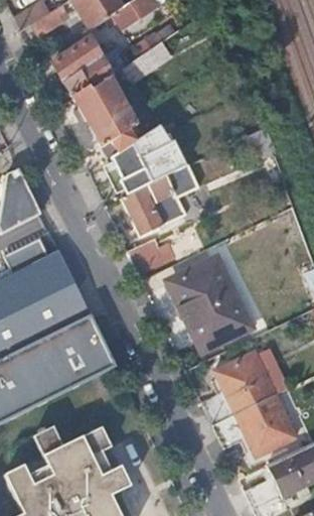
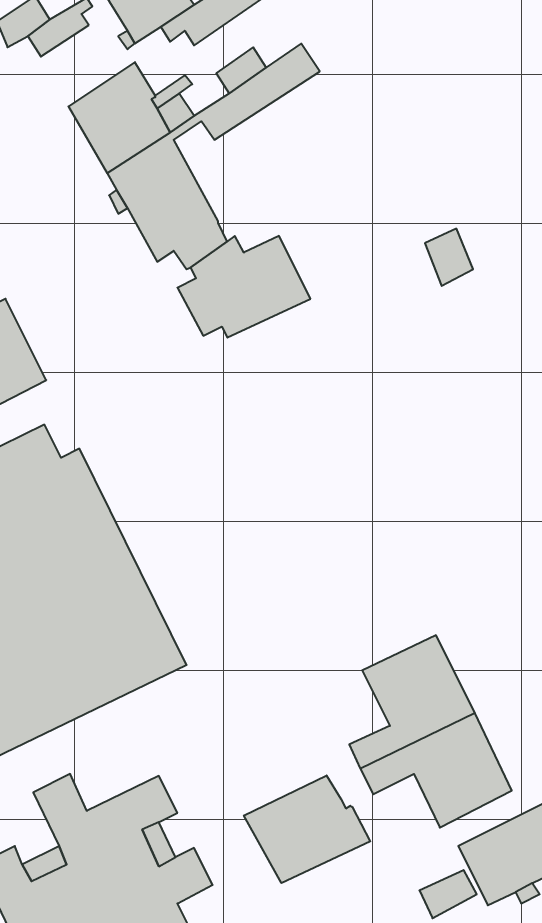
building: [122,159,210,236] -> none
building: [128,235,167,271] -> none
building: [171,260,249,347] -> none
building: none -> [244,775,370,883]

